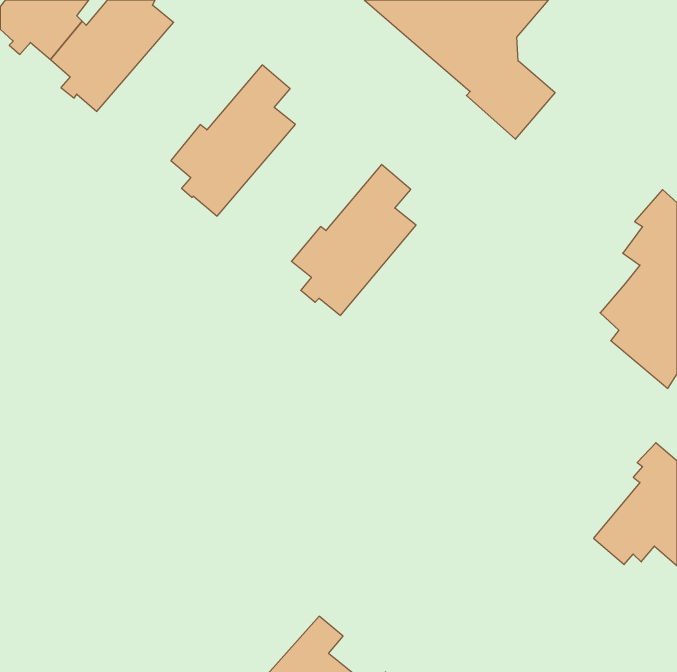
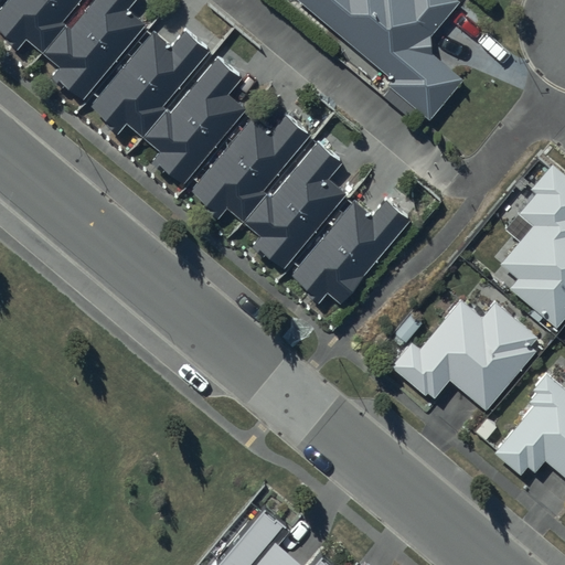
building: none -> [90,31,210,138]
building: none -> [192,114,309,222]
building: none -> [292,200,409,303]
building: none -> [391,299,537,411]

